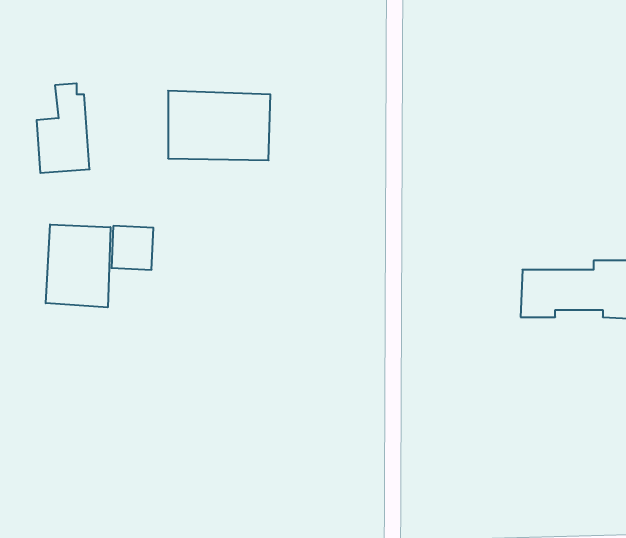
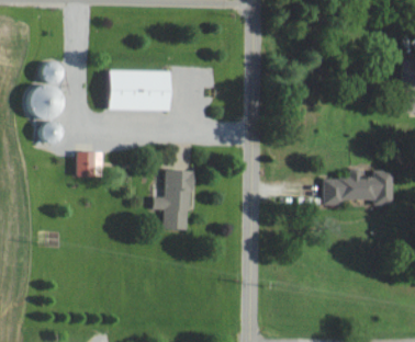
building: [46,224,110,307] -> none
building: none -> [153,170,191,230]

